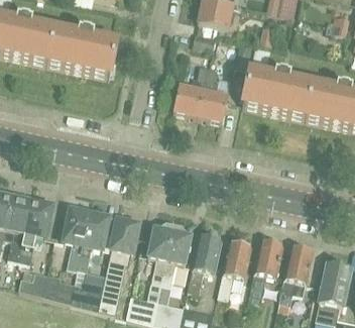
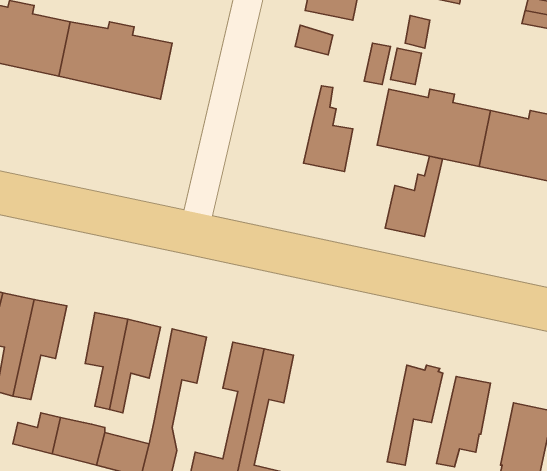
building: [173,65,209,114] -> [385,156,443,236]
building: [188,234,222,289] -> none
building: [218,240,251,296] -> none

